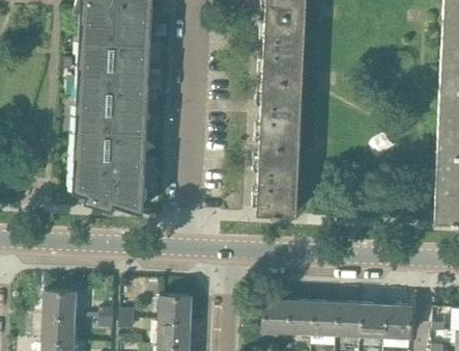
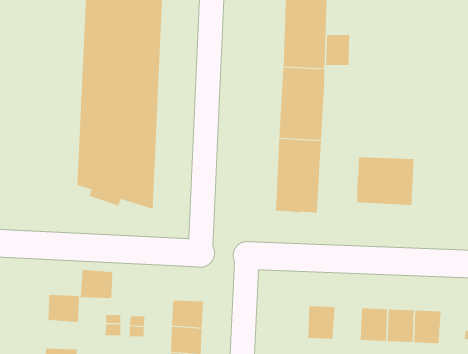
building: none -> [325,34,350,66]
building: none -> [356,157,414,206]
building: [262,301,287,332] -> none
building: [310,303,336,334] -> none
building: [42,316,74,343] -> [80,269,113,298]

